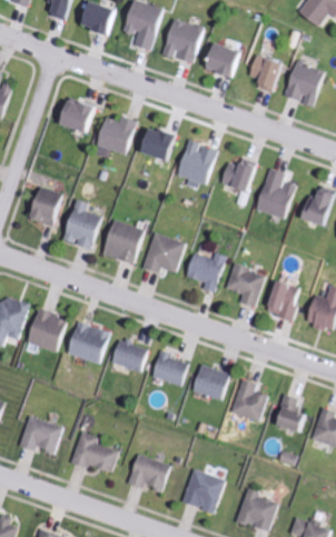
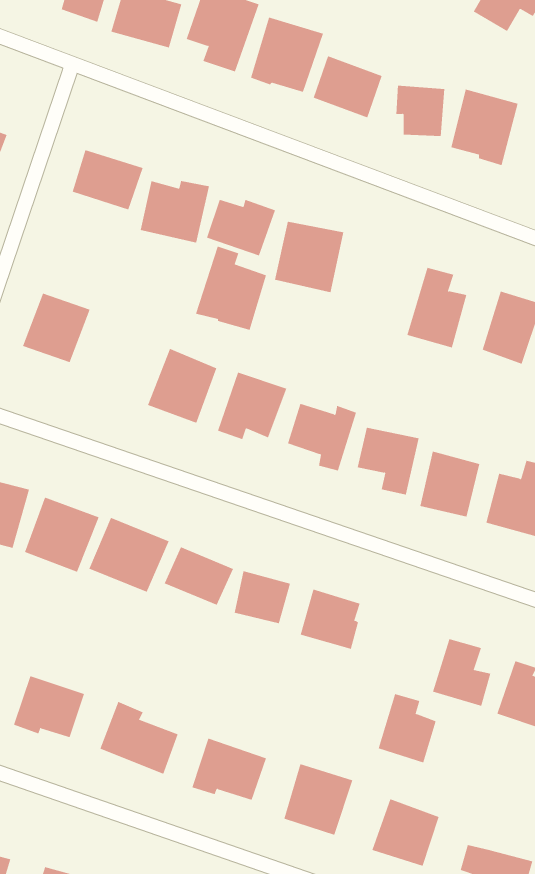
building: [220,158,259,193] -> none
building: [60,199,103,250] -> [195,246,267,330]
building: [231,379,267,421] -> [378,693,437,763]

